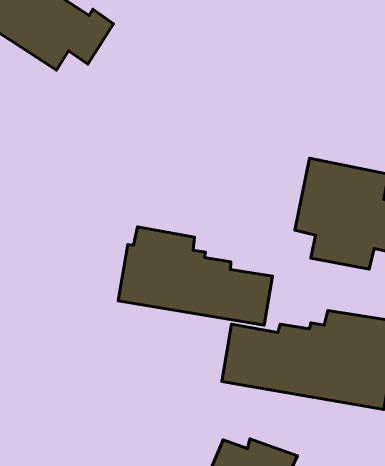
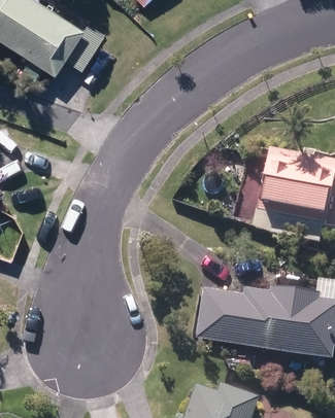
building: [118,227,272,325] -> none

